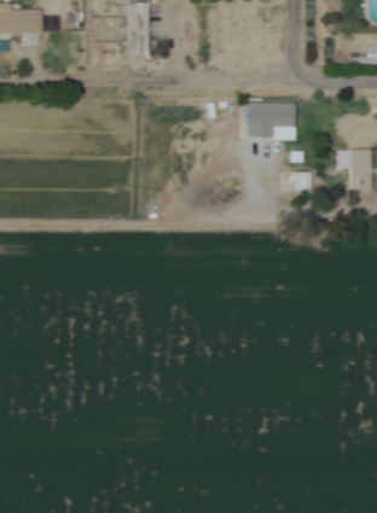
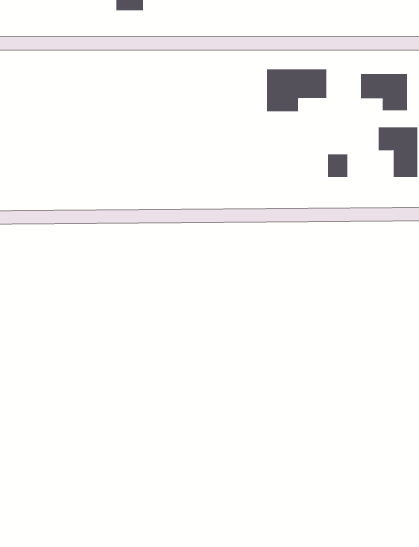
building: none -> [361,73,407,111]

